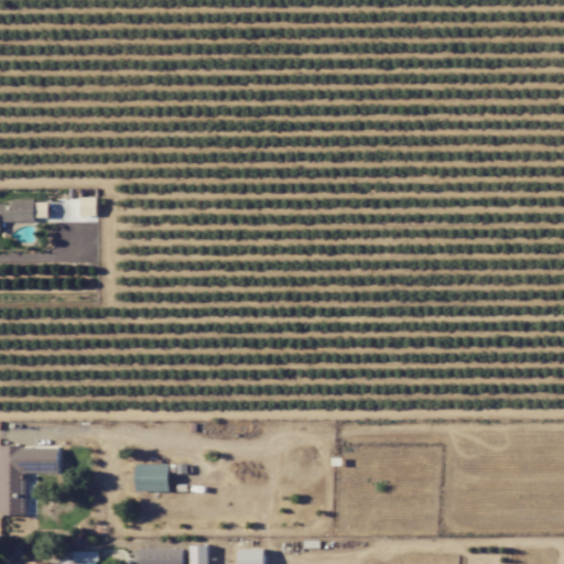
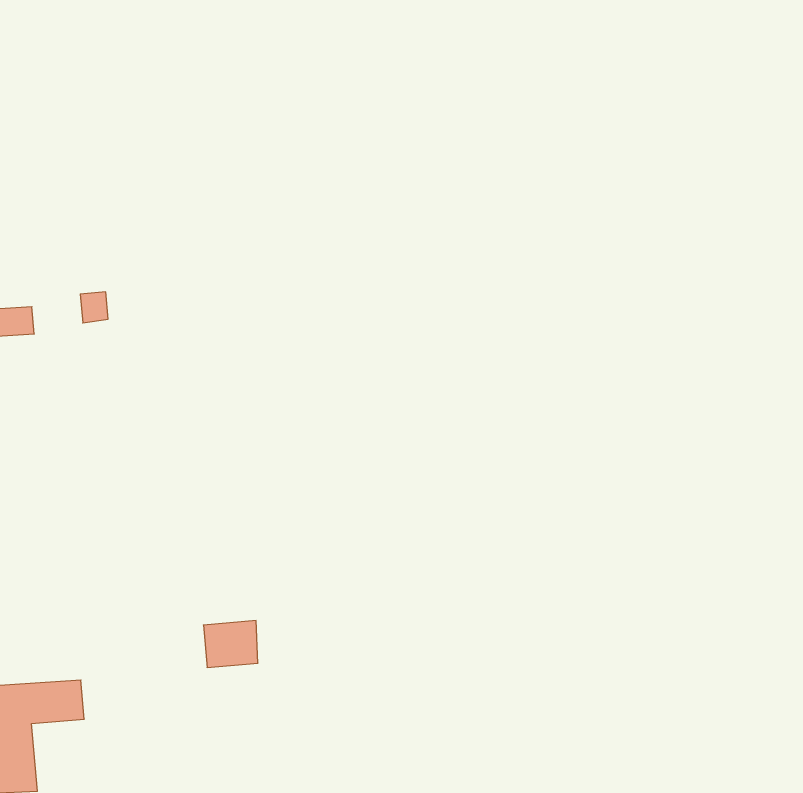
building: [134,466,169,494] -> [203,621,258,667]

